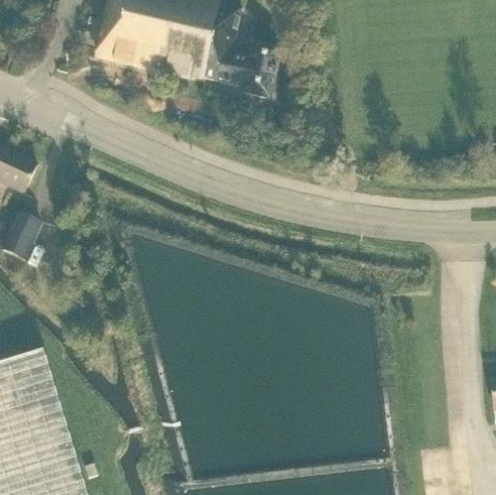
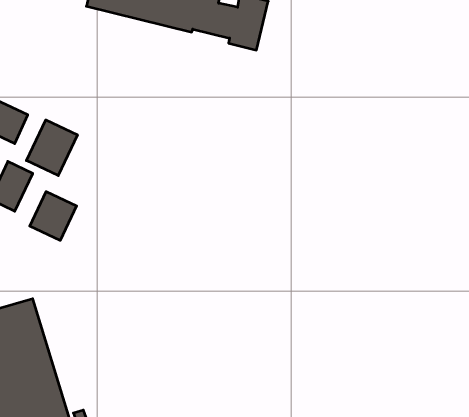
building: none -> [26,120,77,176]
building: none -> [30,192,77,240]

